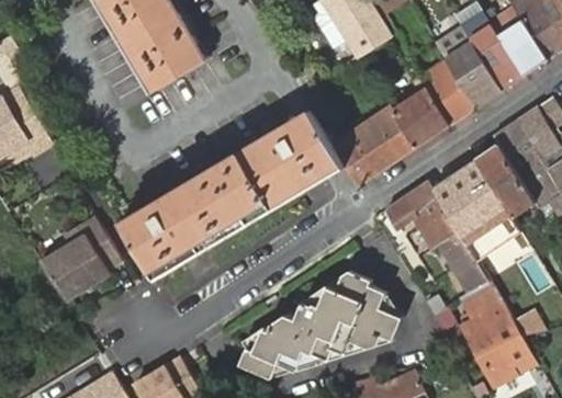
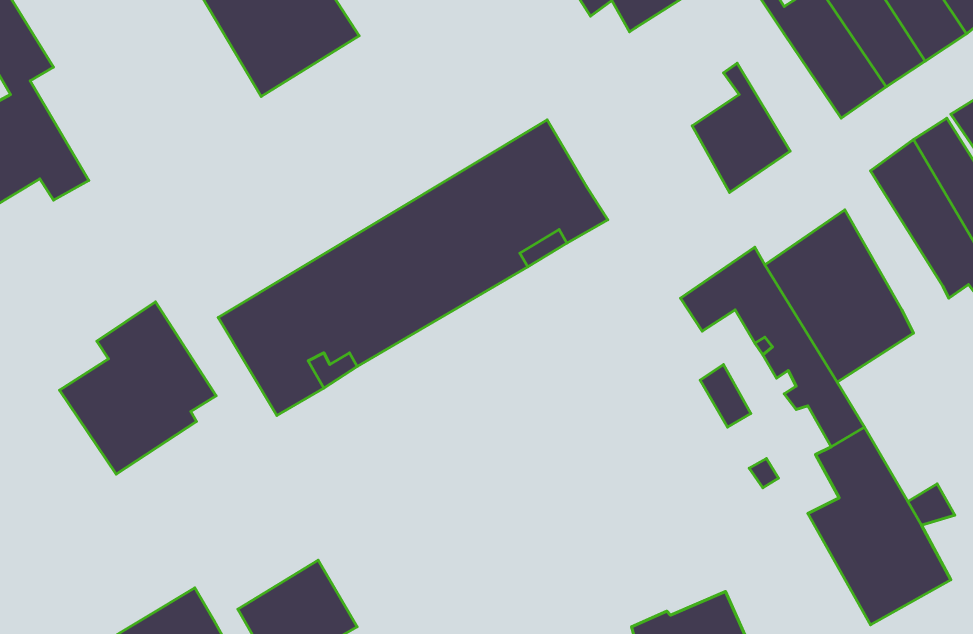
building: [411,57,475,126] -> none
building: [333,107,413,185] -> none
building: [477,146,532,215] -> none
building: [239,270,400,376] -> none

